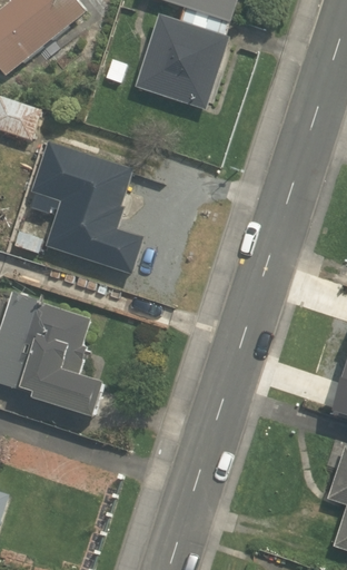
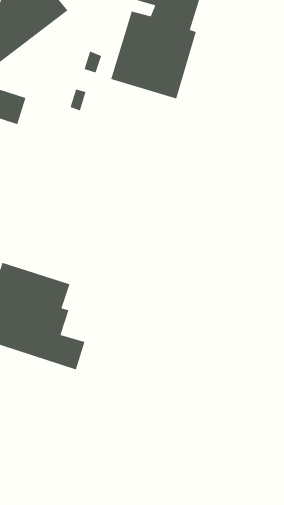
building: [28,142,145,274] -> none

